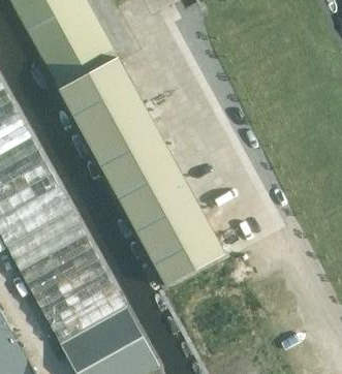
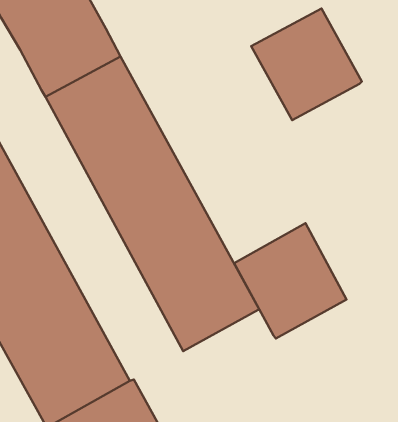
building: none -> [251,8,362,120]
building: none -> [234,223,347,338]

